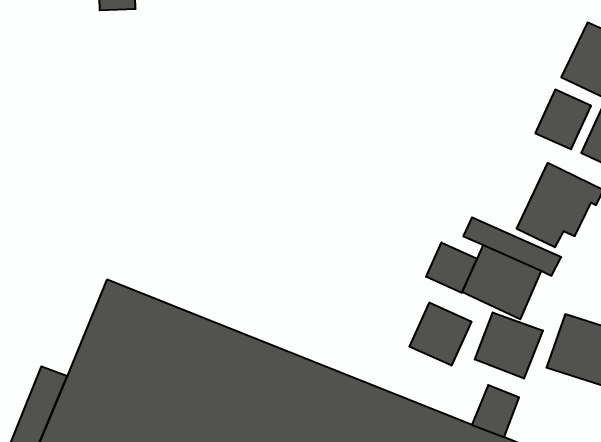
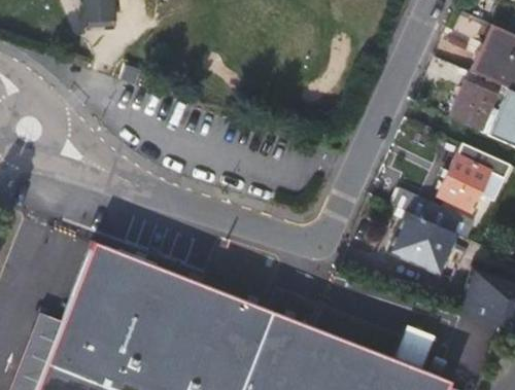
building: [426,242,477,293] -> none
building: [409,303,471,366] -> none
building: [475,312,543,379] -> none

